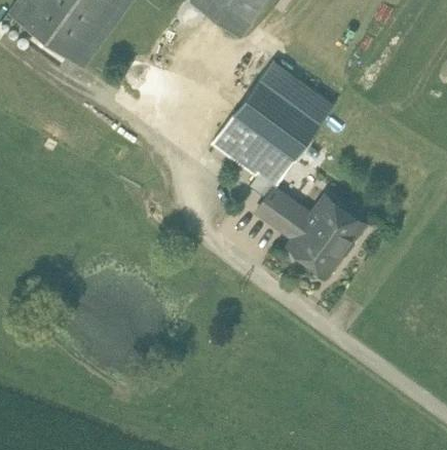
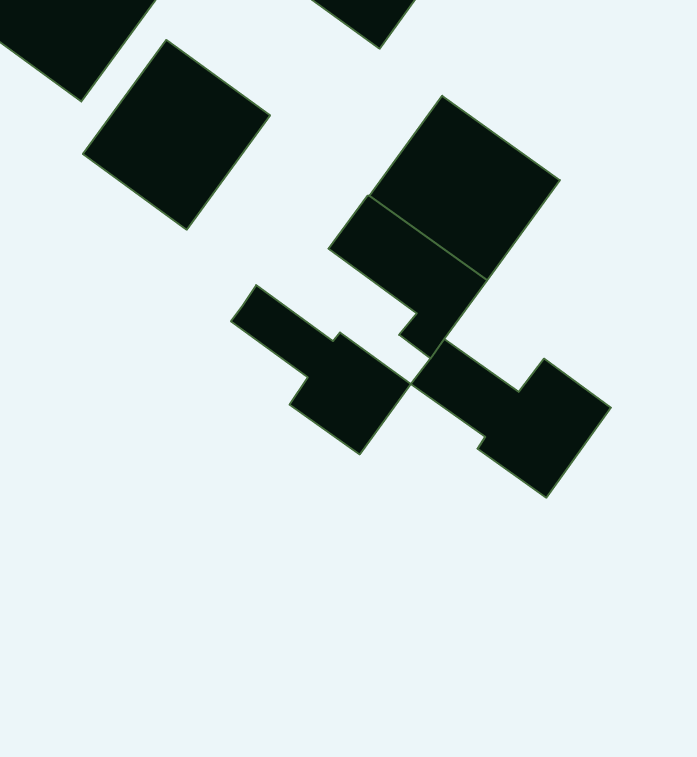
building: none -> [83,40,270,230]
building: none -> [231,285,411,454]

